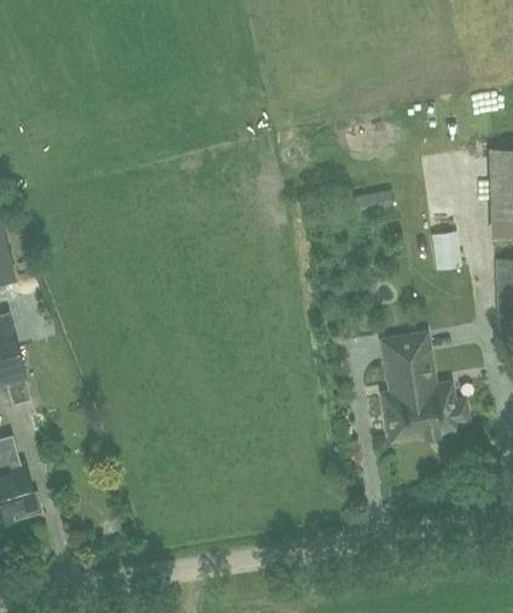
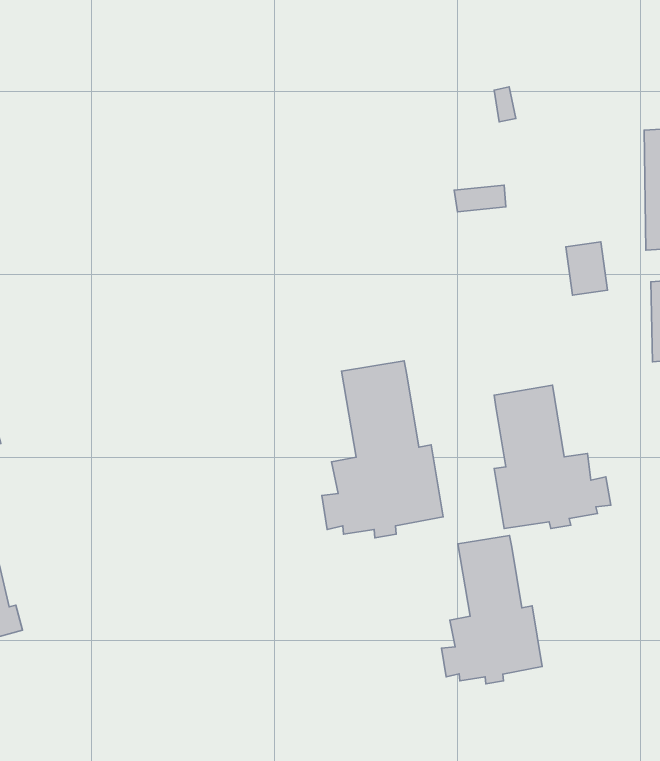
building: none -> [322,361,443,538]
building: none -> [442,536,542,684]

